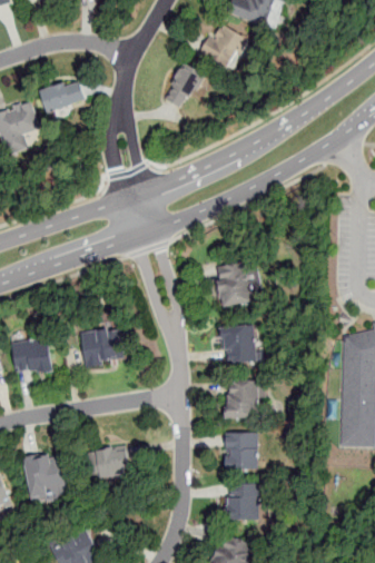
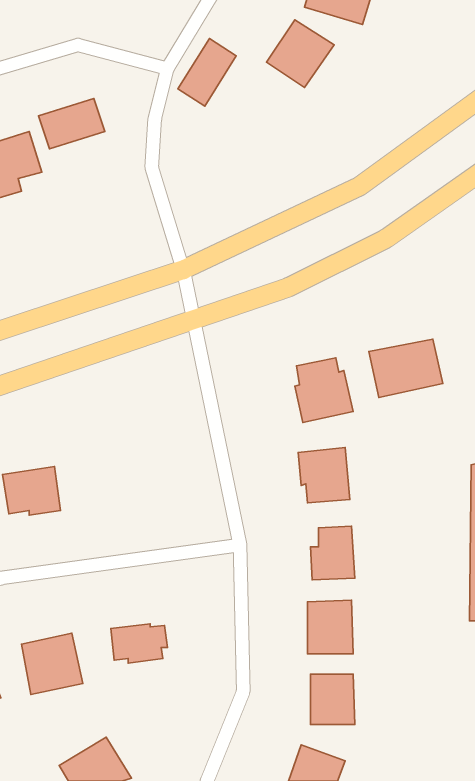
building: [160,60,201,108] -> [178,39,236,106]
building: none -> [369,339,443,398]
building: [80,329,124,368] -> none

